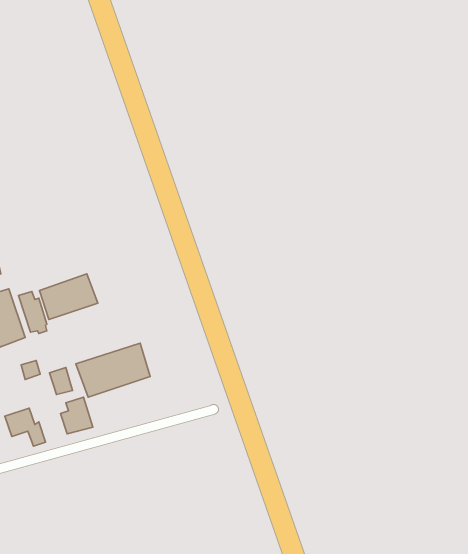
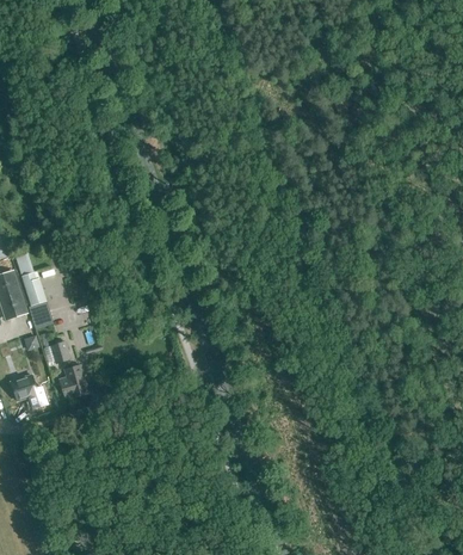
building: [40,274,98,320] -> none
building: [76,343,150,397] -> none

